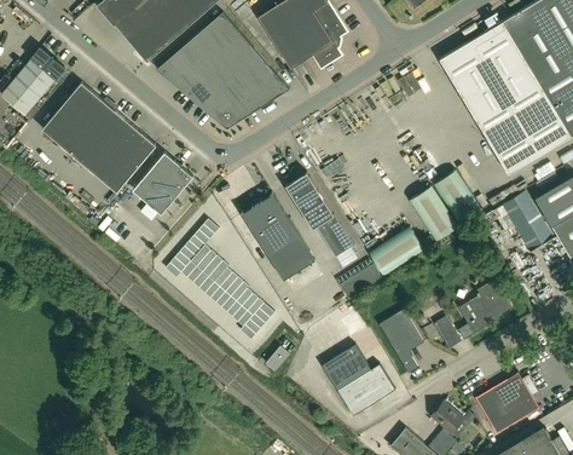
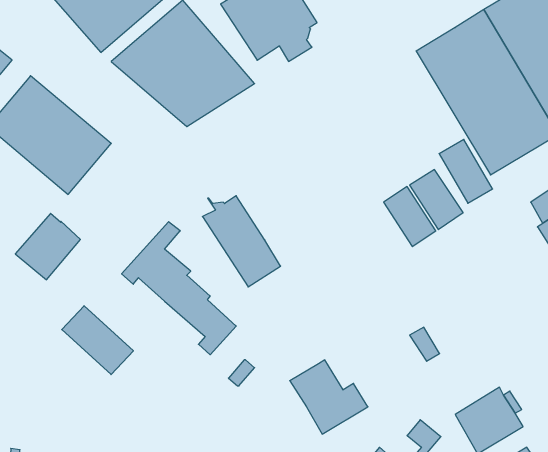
building: [132,152,192,214] -> [15,213,80,280]
building: [285,172,353,257] -> none
building: [502,191,551,250] -> [439,139,493,203]
building: [366,225,423,276] -> none
building: [457,278,511,338] -> none
building: none -> [62,306,133,375]
building: [378,309,422,373] -> none

